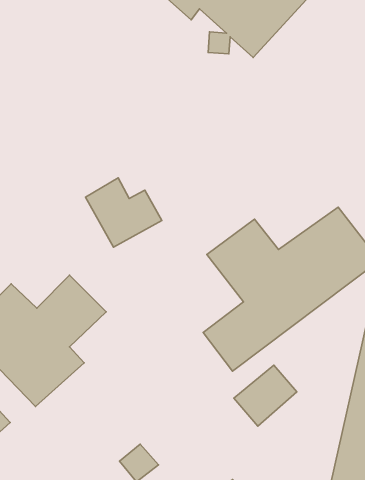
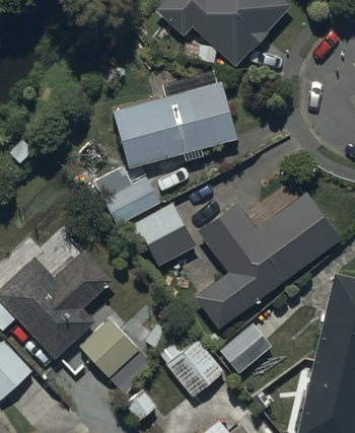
building: none -> [113,70,237,168]
building: none -> [126,203,197,266]
building: none -> [79,318,150,394]
building: none -> [165,339,224,398]

